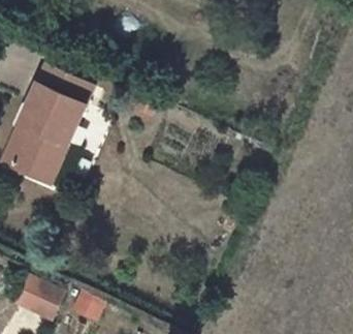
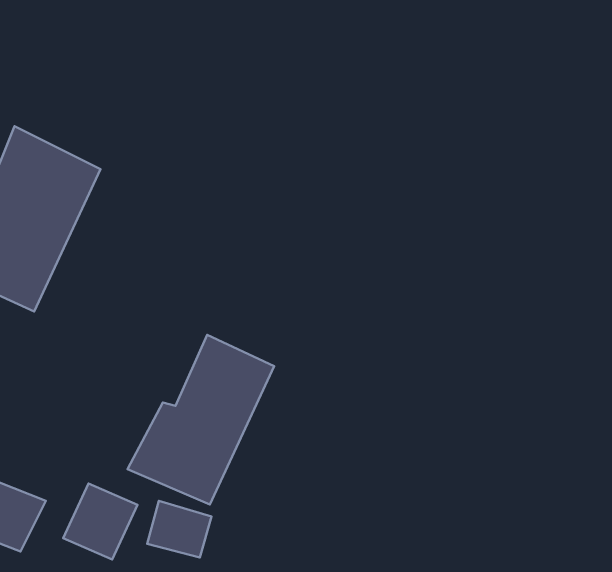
building: [22,66,77,108] -> none
building: none -> [128,335,274,505]

